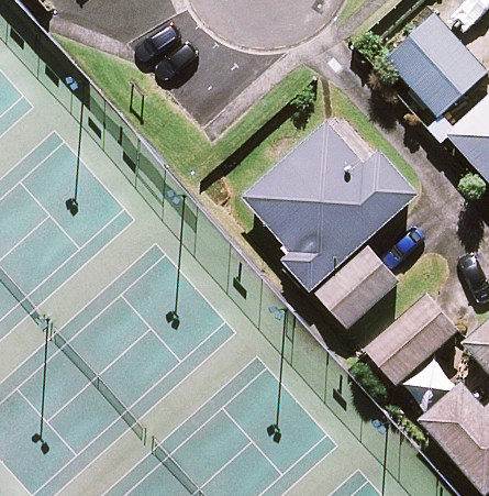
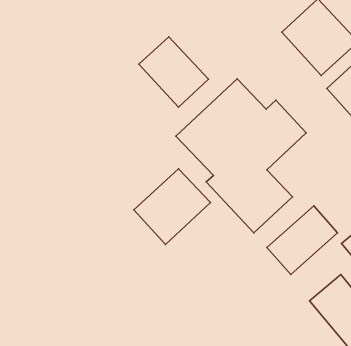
building: none -> [139,37,209,107]
building: none -> [134,169,210,245]

